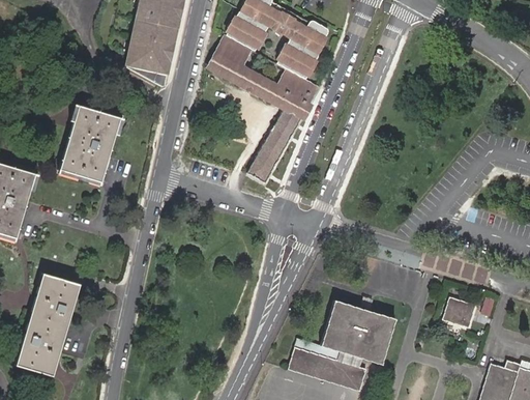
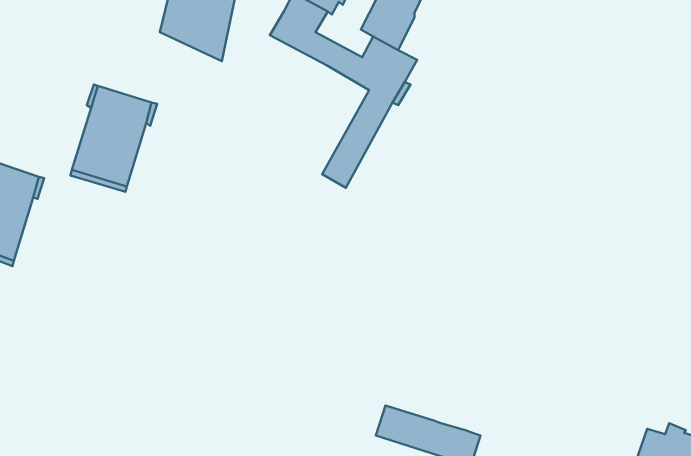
building: [14,274,79,375] -> none
building: [442,296,474,327] -> none
building: [294,299,394,364] -> none

